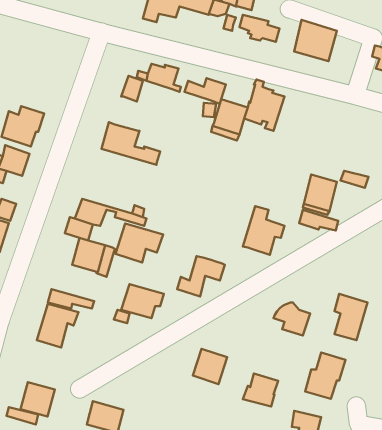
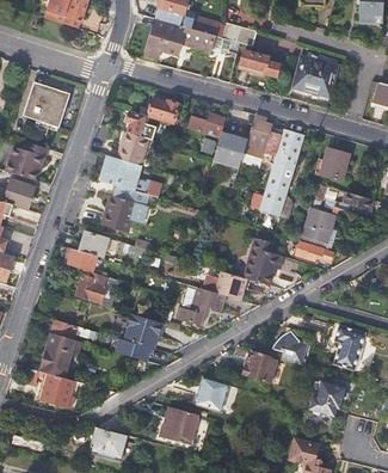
building: none -> [23,81,69,127]
building: none -> [118,130,149,164]
building: none -> [260,130,303,215]
building: none -> [320,147,349,182]
building: [115,223,163,262] -> [100,194,147,232]
building: none -> [204,271,248,300]
building: [243,374,278,407] -> [242,350,277,382]
building: none -> [160,407,197,446]
building: [21,382,55,416] -> [42,373,75,406]

